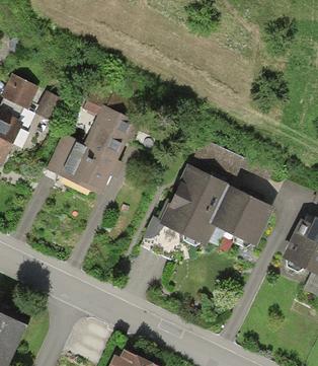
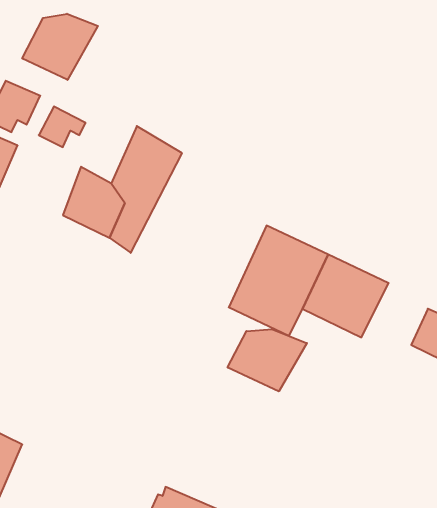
building: none -> [22,14,98,80]
building: none -> [228,329,307,391]

